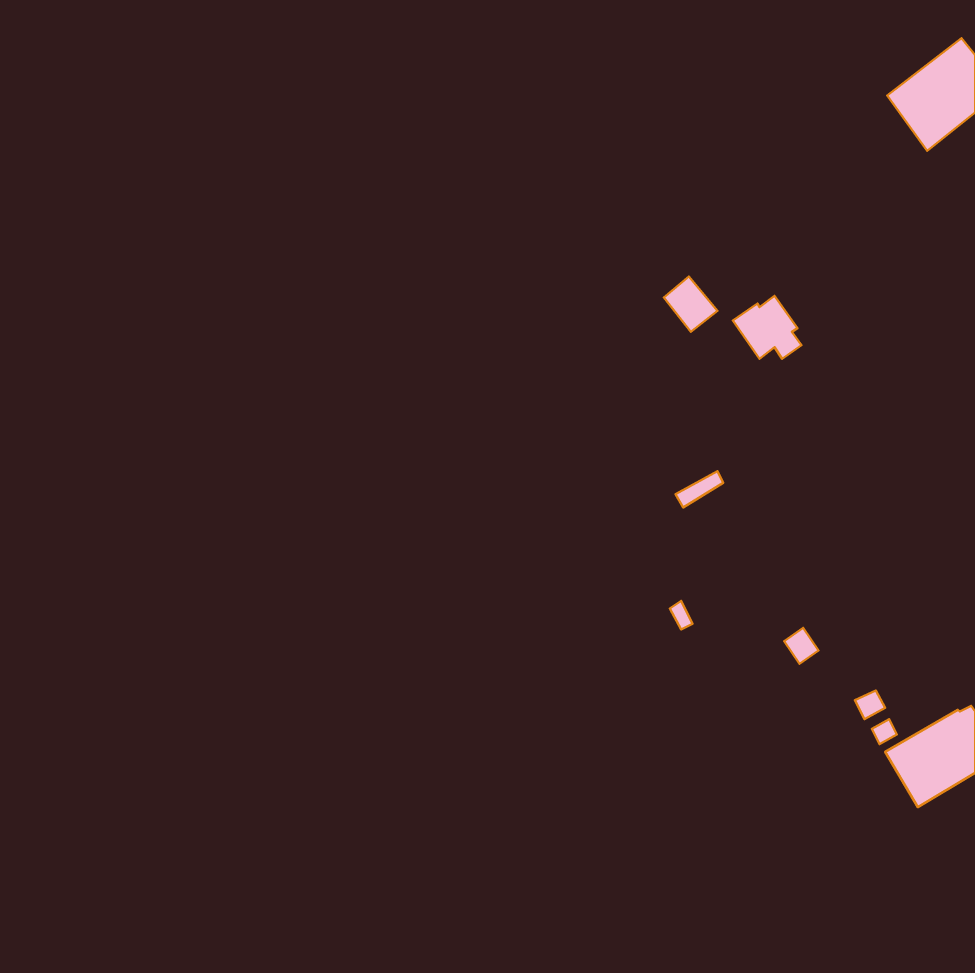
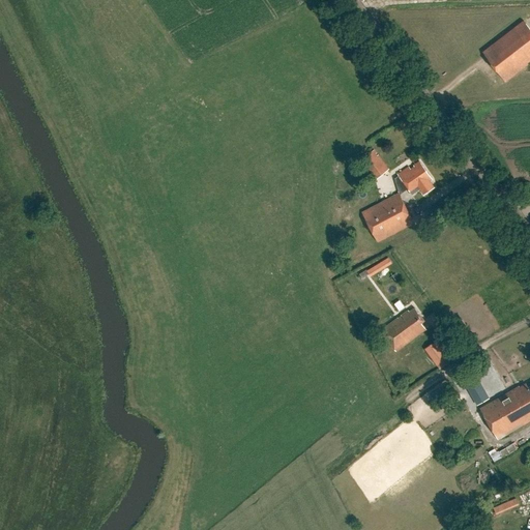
building: none -> [362,193,414,241]
building: none -> [381,306,426,350]

